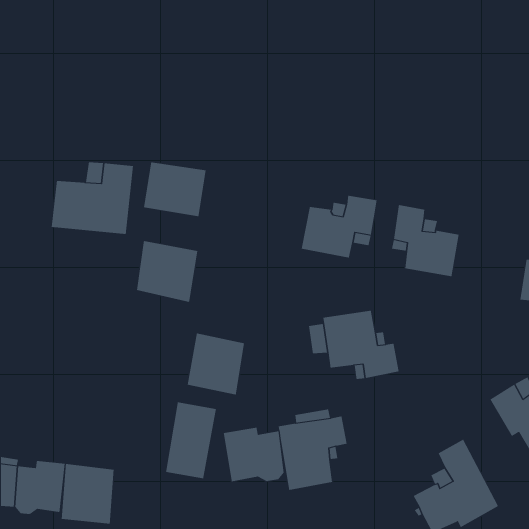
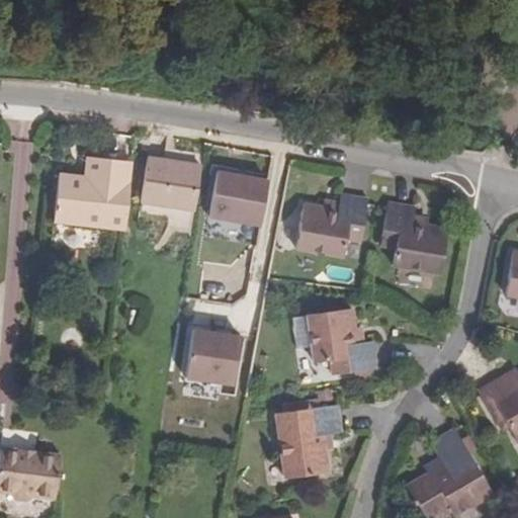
building: [136,240,198,303] -> [206,166,267,227]
building: [165,402,217,479] -> none
building: [223,427,284,482] -> none
building: [61,463,114,524] -> none

